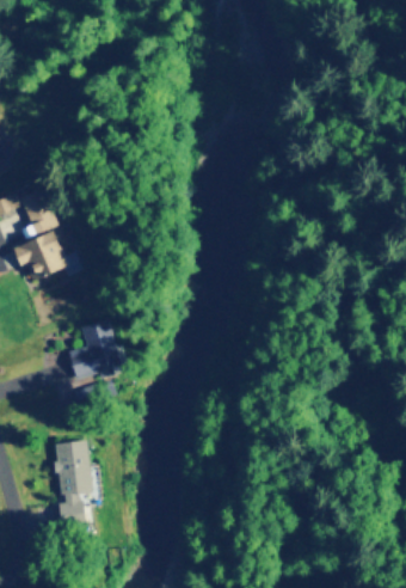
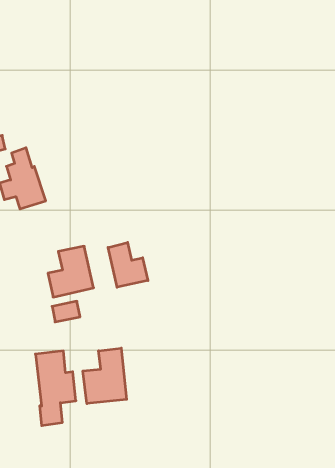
building: none -> [108,242,148,287]
building: none -> [83,348,127,404]

